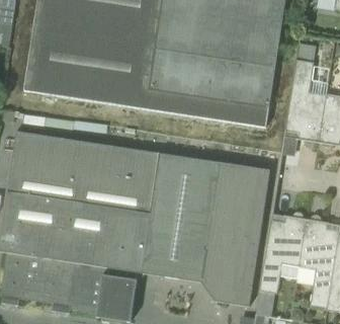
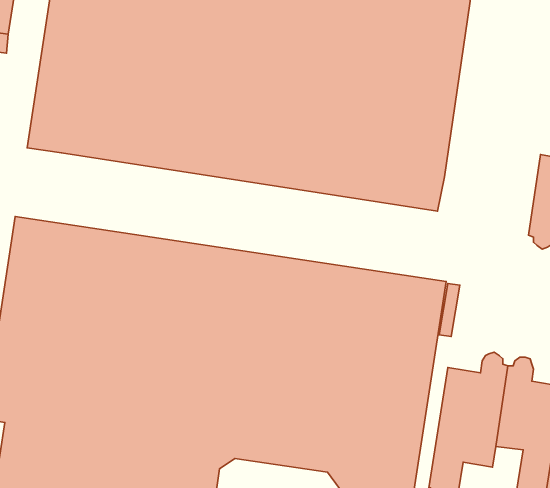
building: [284,43,325,147] -> none

